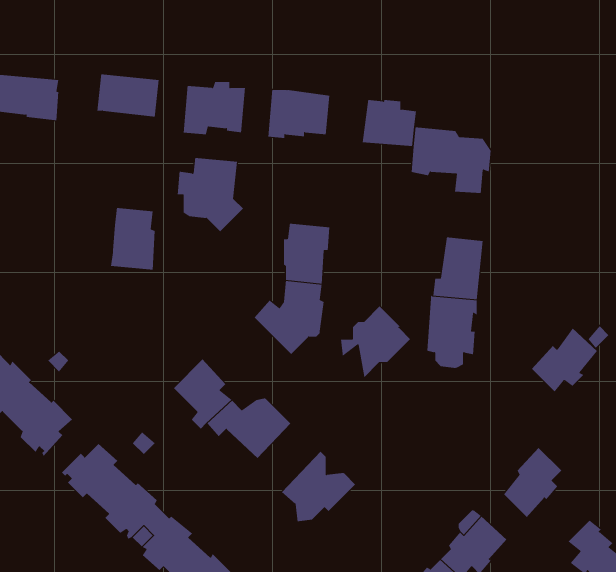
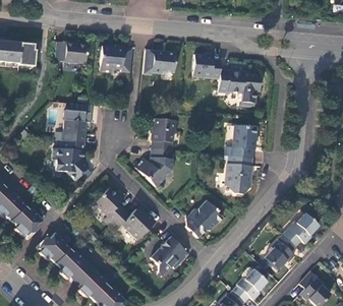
building: [177,158,244,232] -> [53,139,88,178]
building: [340,306,411,378] -> [186,199,223,237]
building: [531,328,598,392] -> [284,211,319,245]

